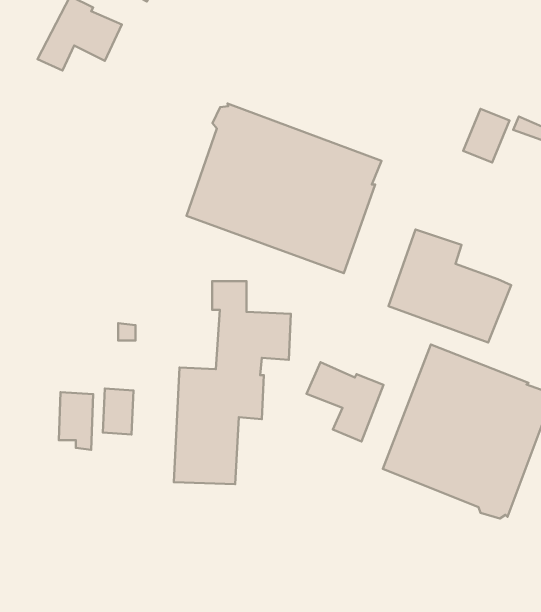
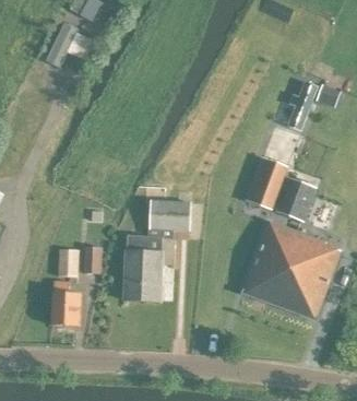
building: [187,104,381,273] -> none
building: [307,362,383,441] -> none
building: none -> [51,281,80,327]

